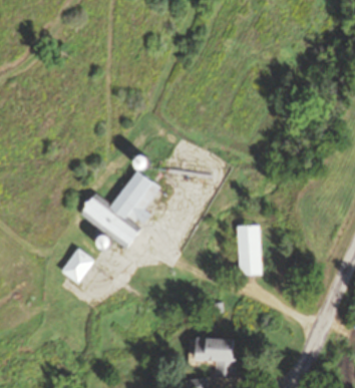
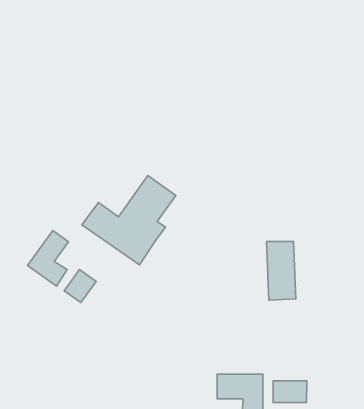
building: none -> [28,231,68,286]
building: none -> [273,381,307,402]

